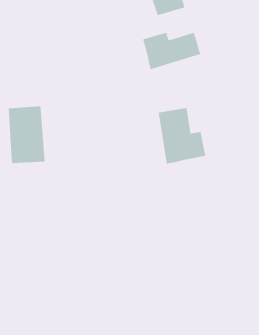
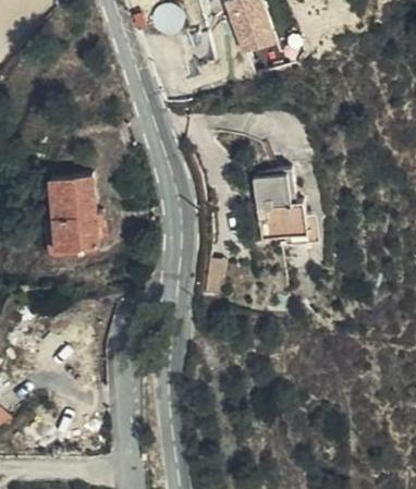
building: [142,32,201,70] -> none

